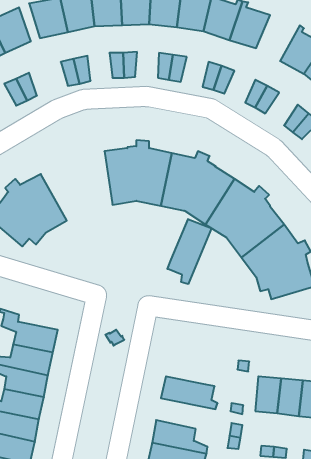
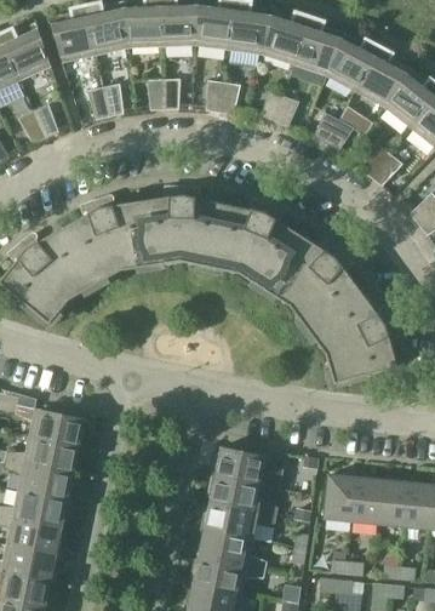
building: none -> [326,34,379,90]
building: none -> [63,196,150,285]
building: [167,219,212,284] -> none
building: none -> [216,446,286,487]
building: none -> [204,502,276,539]

